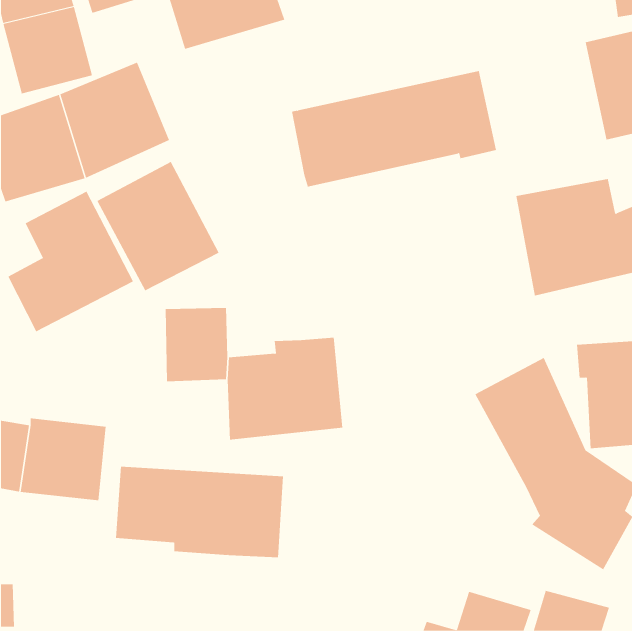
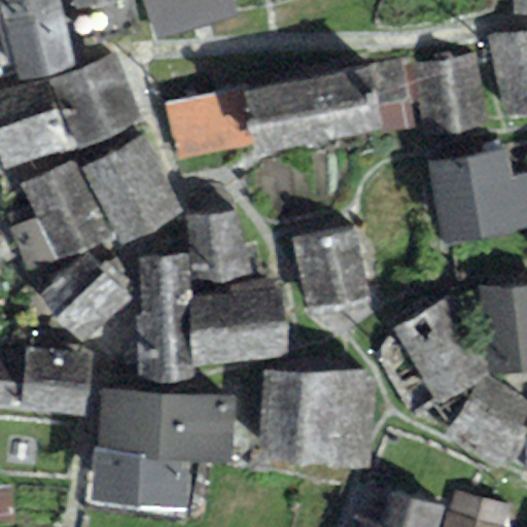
building: none -> [412,52,488,136]
building: none -> [167,86,253,161]
building: none -> [186,211,251,296]
building: none -> [292,224,368,308]
building: none -> [39,251,133,345]
building: none -> [139,315,191,380]
building: none -> [260,366,373,466]
building: none -> [92,447,190,510]

